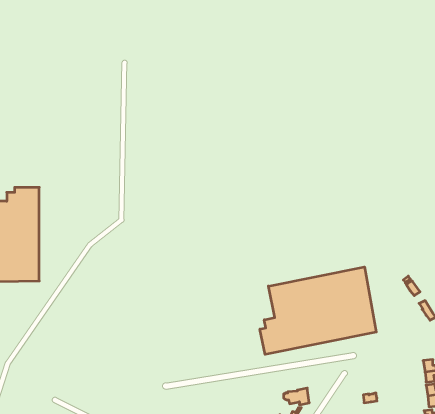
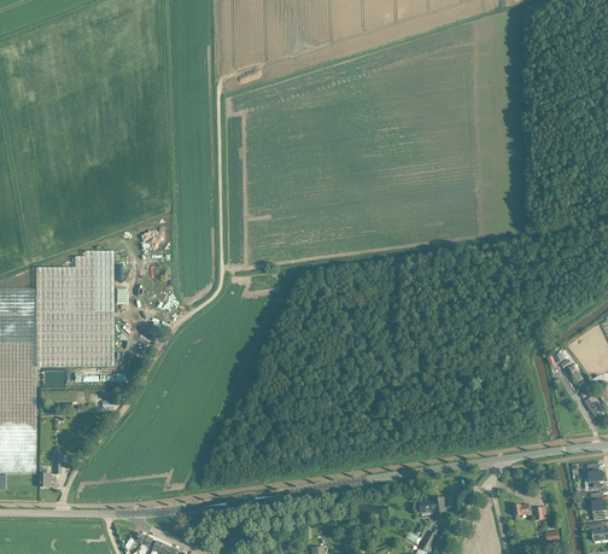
building: [260,267,376,354] -> none

